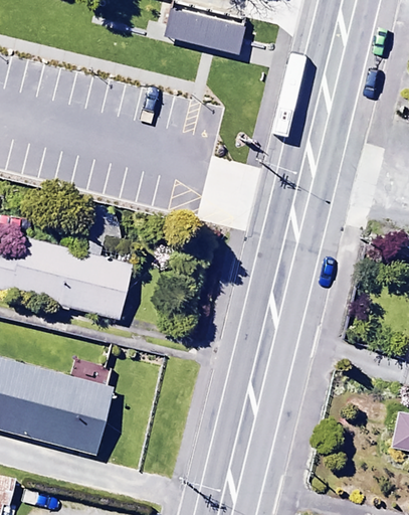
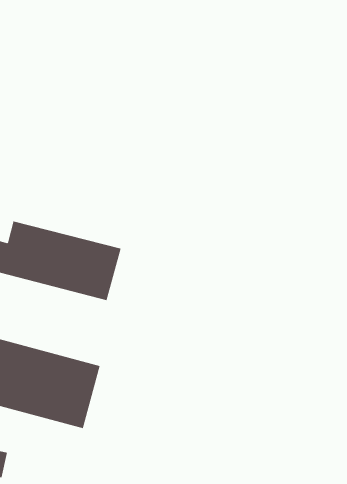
building: [165,7,247,54] -> none

